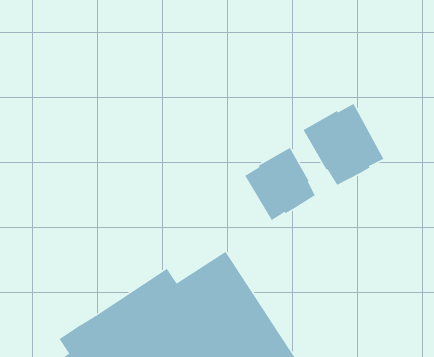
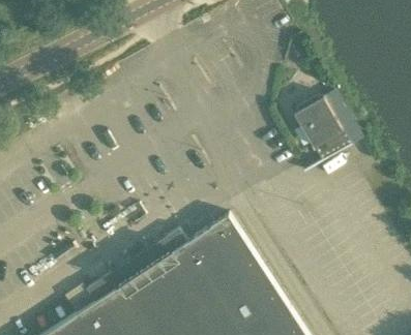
building: [244,147,316,221] -> none

